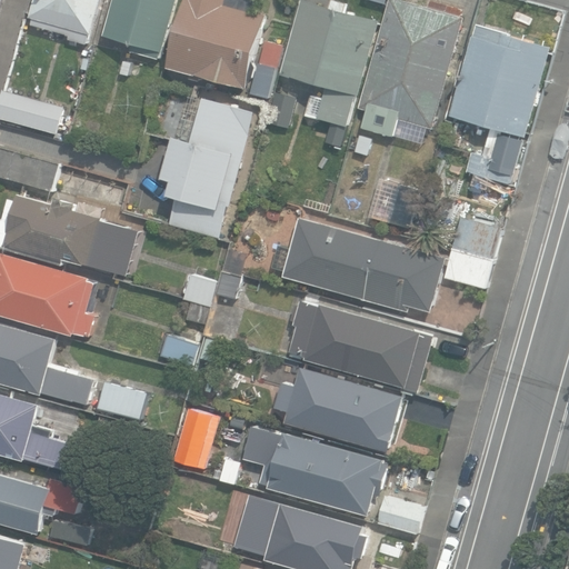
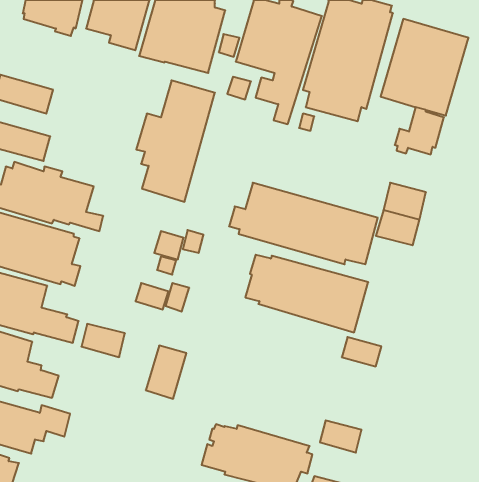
building: [272,367,402,451] -> none
building: [244,426,388,515] -> none

